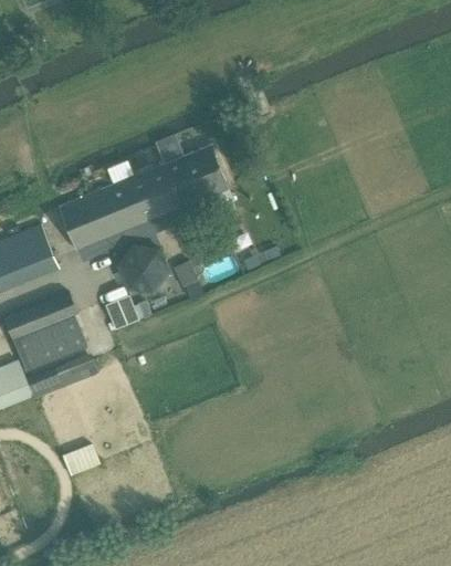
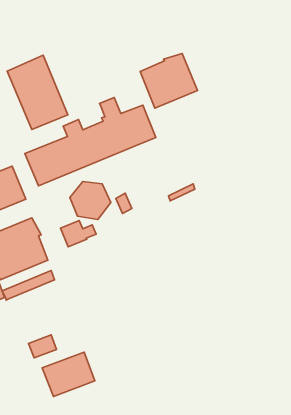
building: none -> [140,53,198,108]
building: none -> [7,55,68,129]
building: none -> [42,352,95,396]

